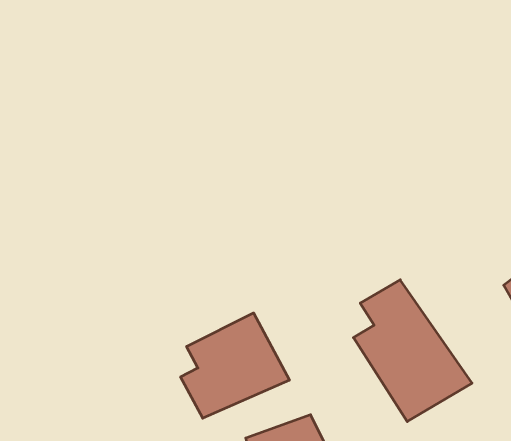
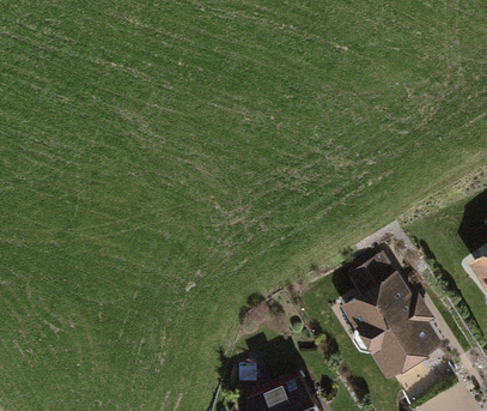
building: [181,313,289,418] -> none

